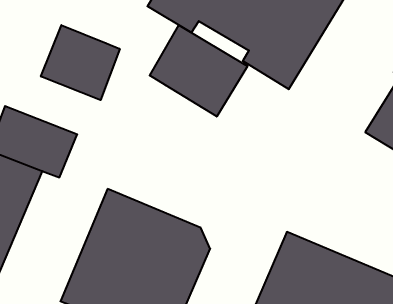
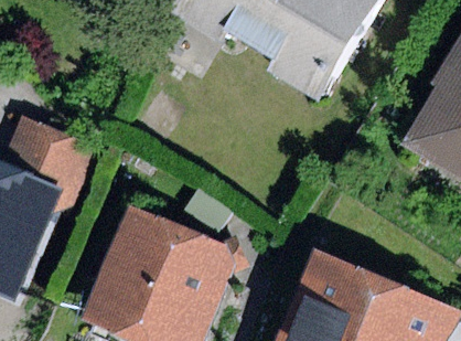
building: [150,25,247,117] -> none
building: [41,25,120,100] -> none

